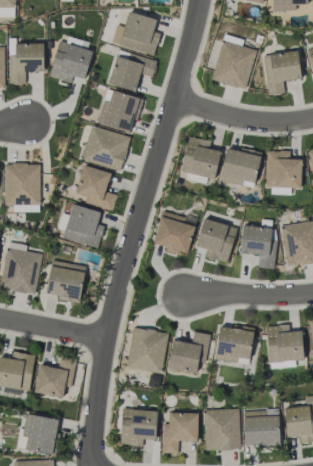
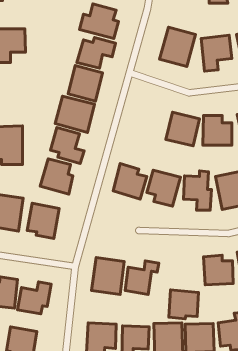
building: [49,41,93,82] -> none
building: [180,136,221,184] -> none
building: [216,325,253,361] -> [169,290,199,319]

